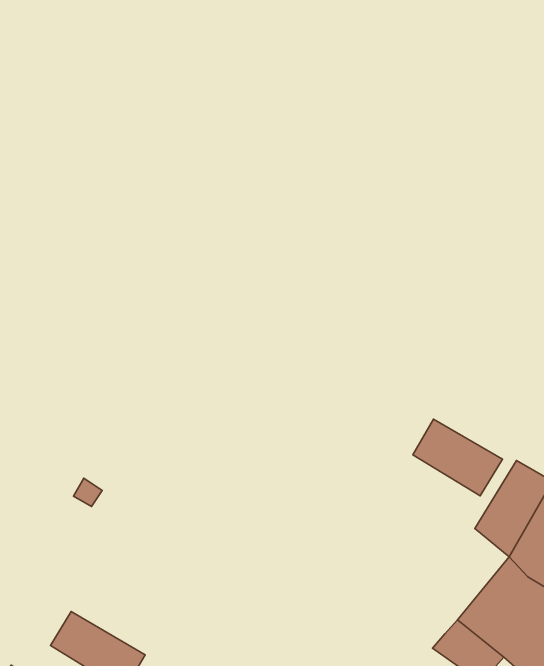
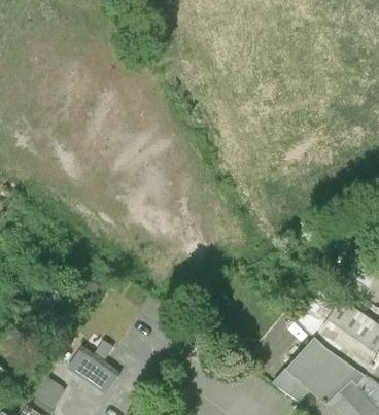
building: [413,419,502,496] -> none

